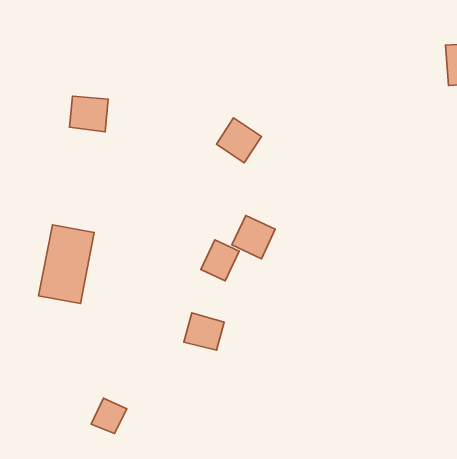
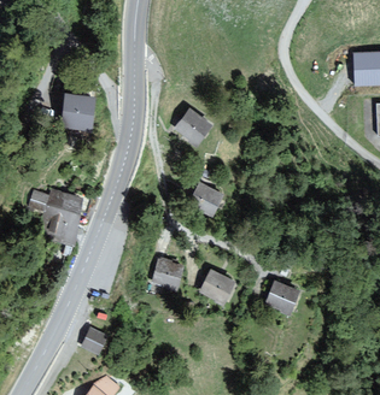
building: [201,240,239,281] -> none
building: none -> [201,272,234,303]
building: none -> [265,281,300,314]

